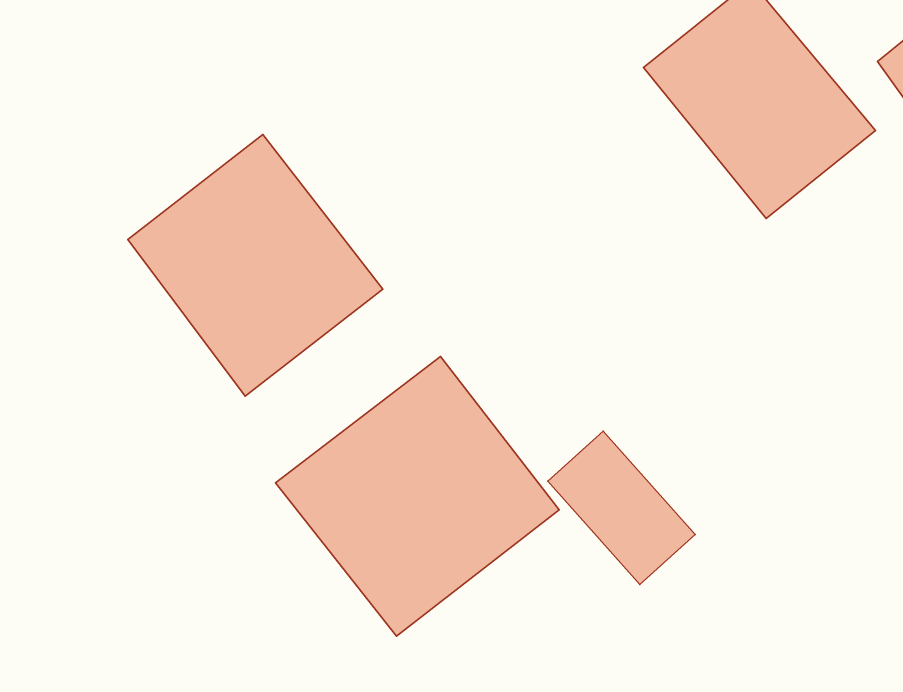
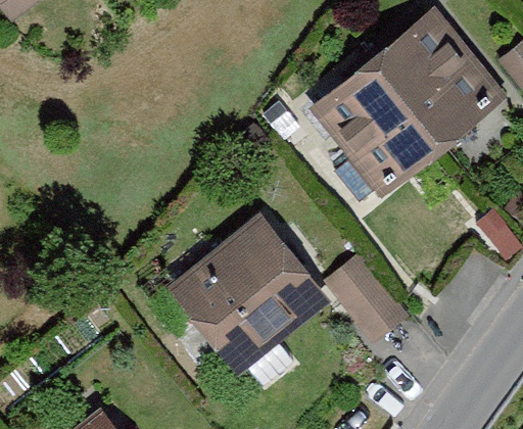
building: none -> [310,61,436,192]
building: [128,134,383,396] -> none

